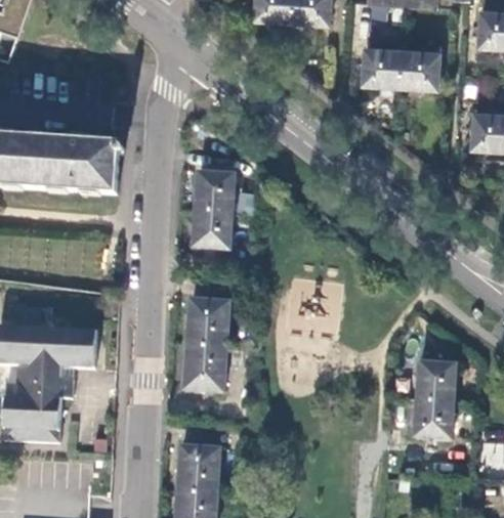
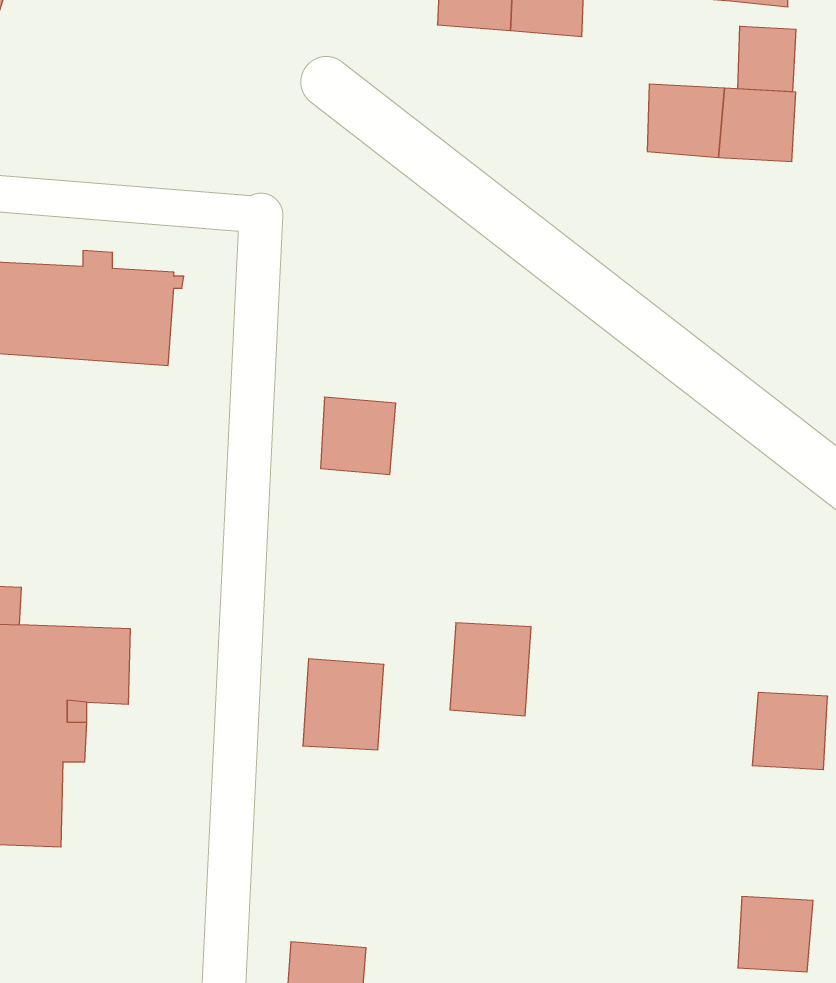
building: none -> [738,26,796,92]
building: [195,172,234,212] -> none
building: [186,299,228,347] -> [450,623,531,716]
building: [414,399,453,438] -> [738,897,813,972]
building: [177,445,219,493] -> none

